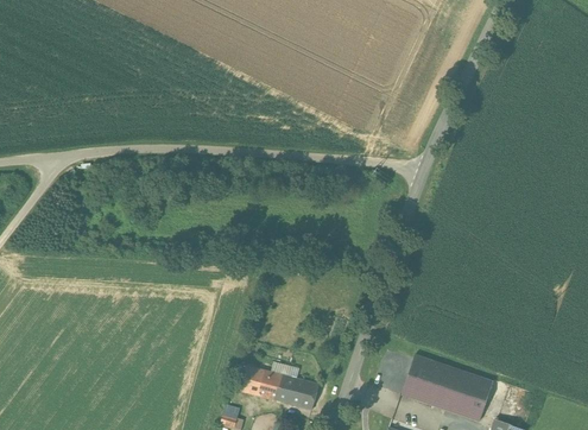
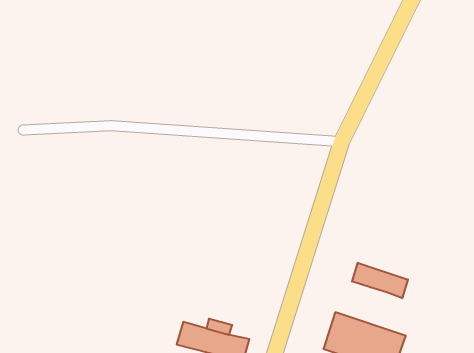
building: none -> [352,263,408,298]

